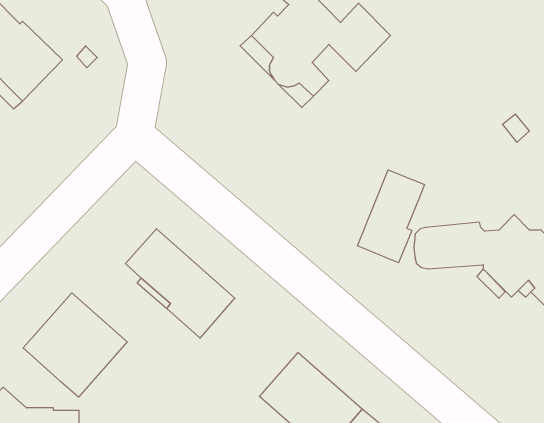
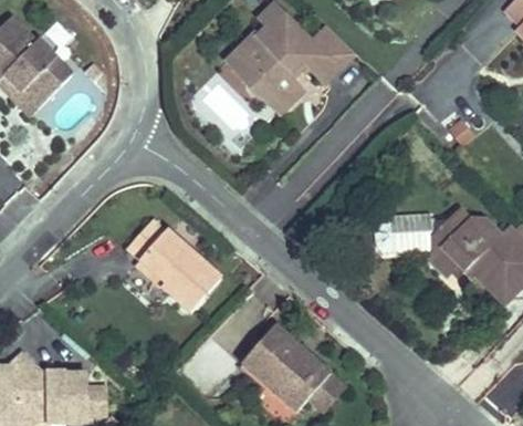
building: [357,170,424,263] -> none
building: [23,293,127,397] -> none

